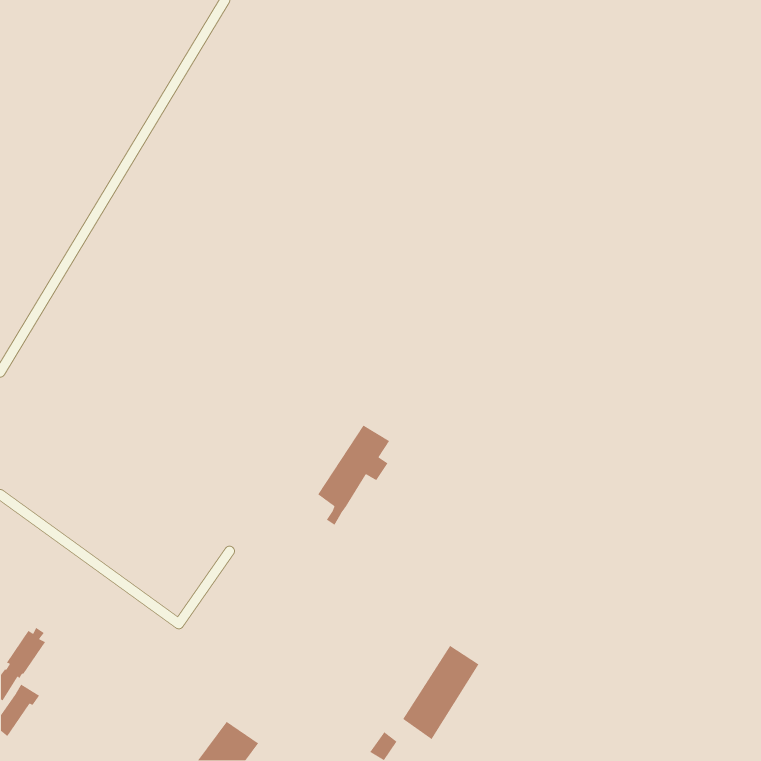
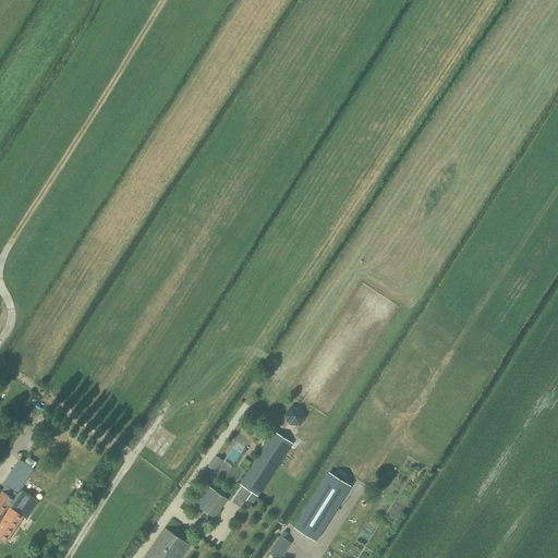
building: [317,425,390,526] -> [240,432,293,506]
building: none -> [194,485,227,517]

